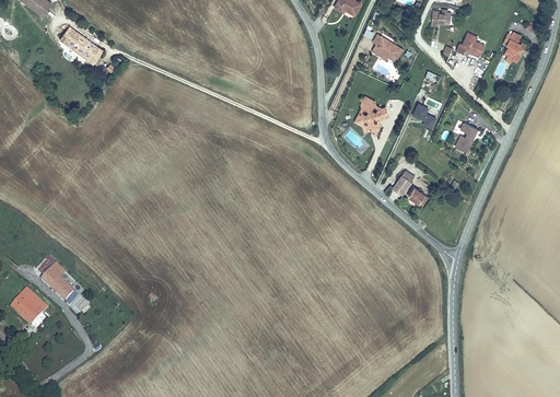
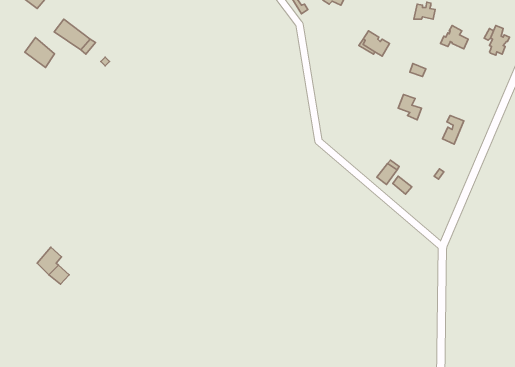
building: none -> [25,38,55,67]
building: [352,98,387,132] -> none
building: [10,285,47,322] -> none

